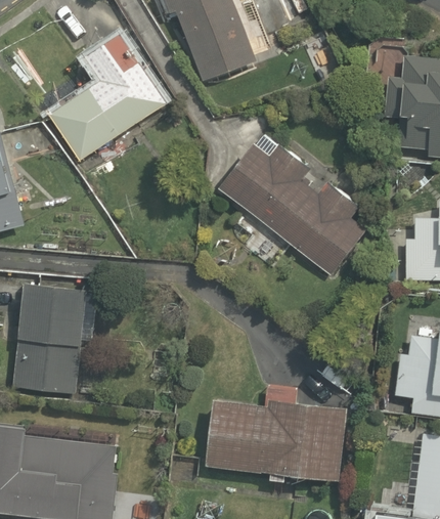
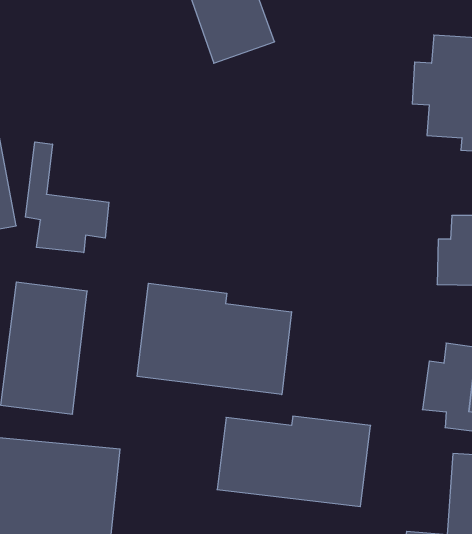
building: [50,30,170,161] -> none
building: [220,132,366,277] -> none
building: none -> [25,142,109,253]
building: none -> [137,283,292,395]

